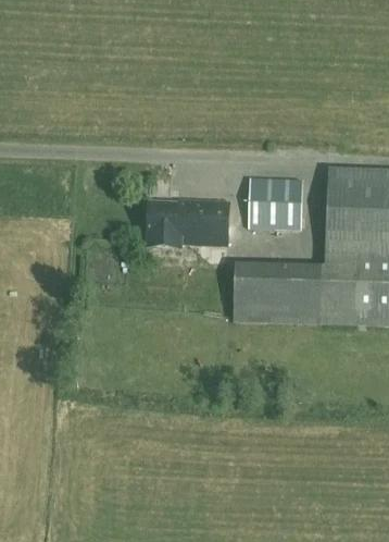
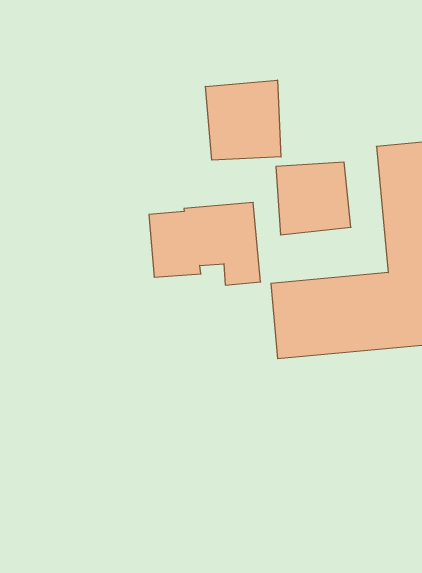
building: none -> [205,80,281,160]

